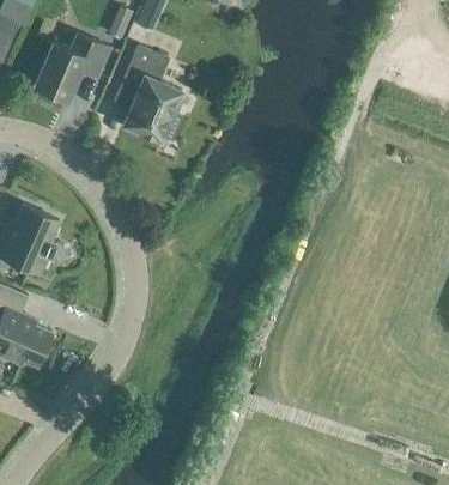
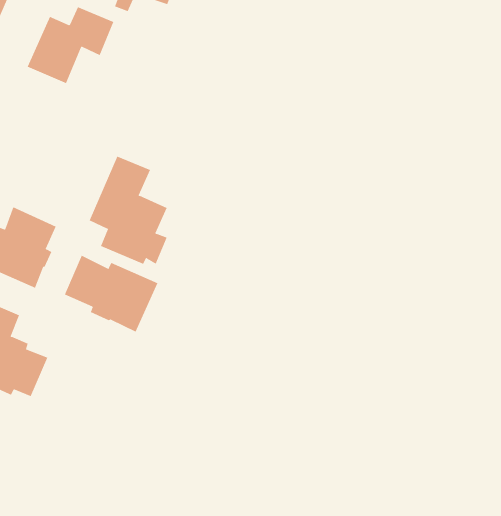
building: [114,48,181,140] -> [89,156,168,264]
building: none -> [64,255,158,332]

